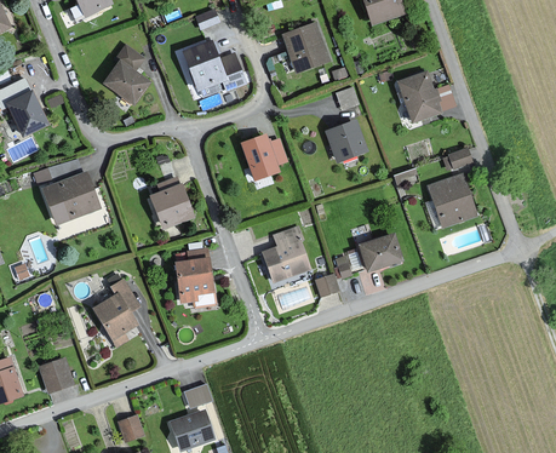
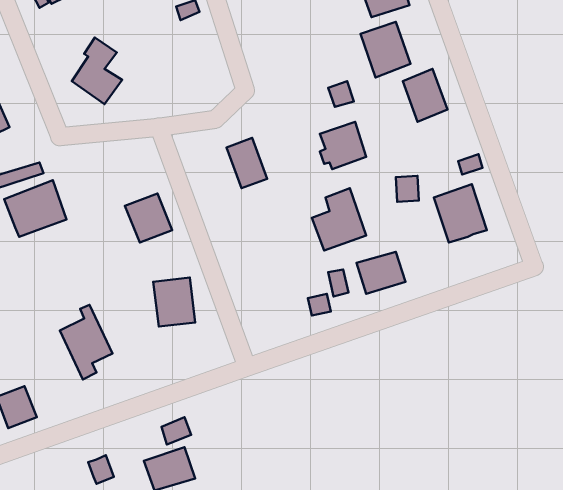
building: [283,22,328,71] -> [360,22,411,77]
building: [184,40,245,88] -> none
building: [260,225,309,281] -> [312,188,366,250]

